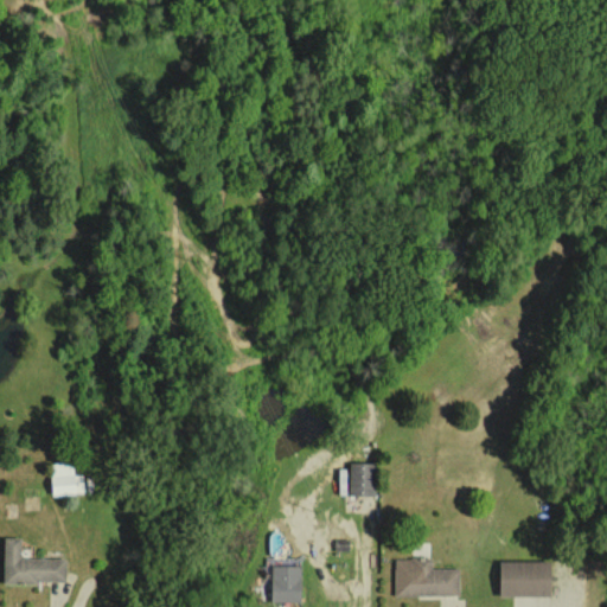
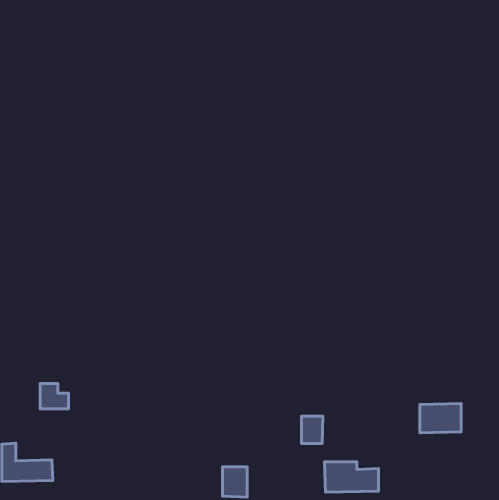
building: [350,462,376,496] -> [301,416,323,443]
building: [500,561,550,596] -> [420,404,461,433]

